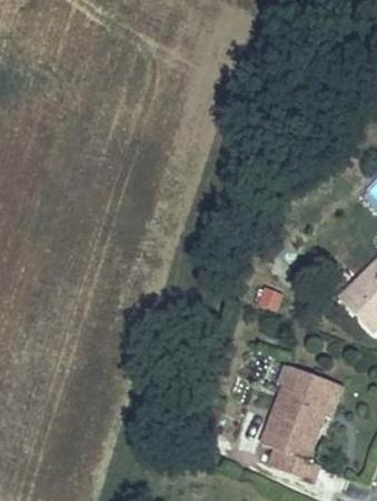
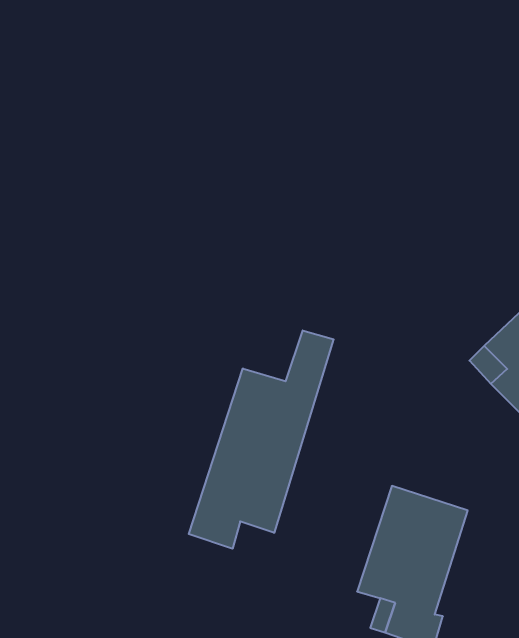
building: none -> [189,330,334,549]

